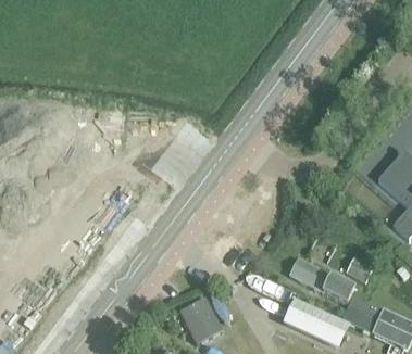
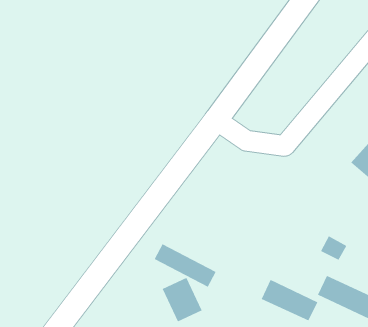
building: [289,255,354,301] -> [154,244,217,287]

